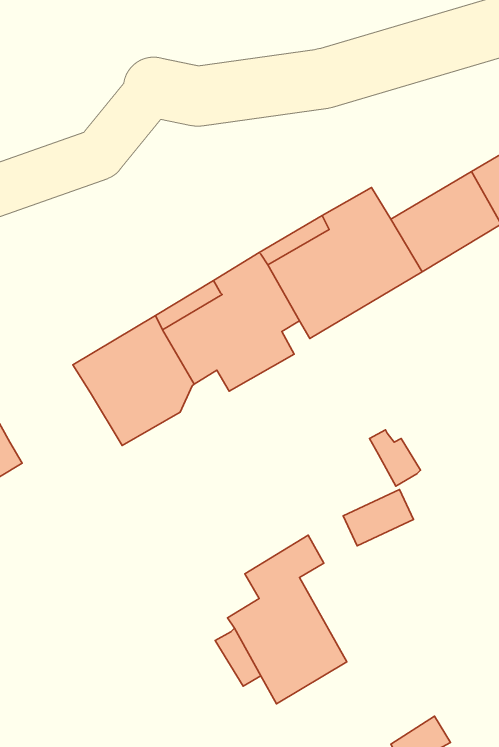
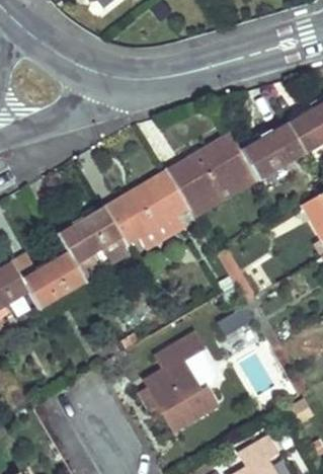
building: none -> [20,250,85,309]

